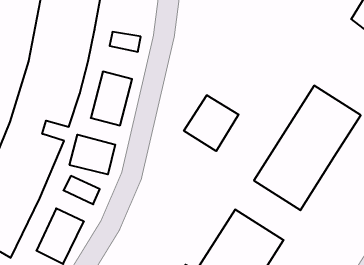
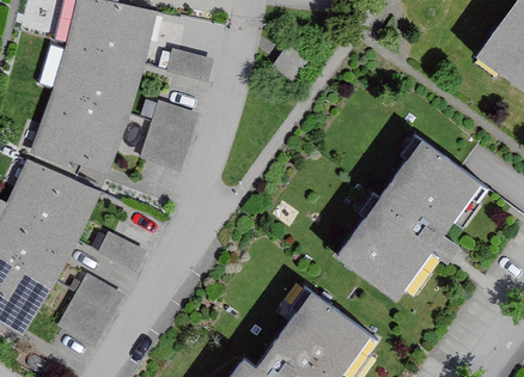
building: [184,95,239,151] -> none
building: [70,135,115,174] -> none

